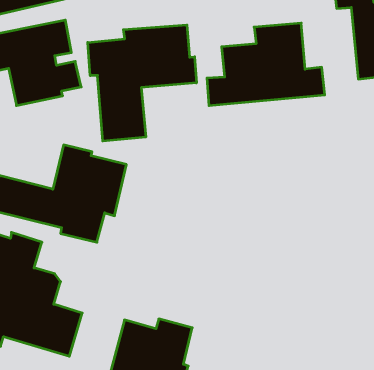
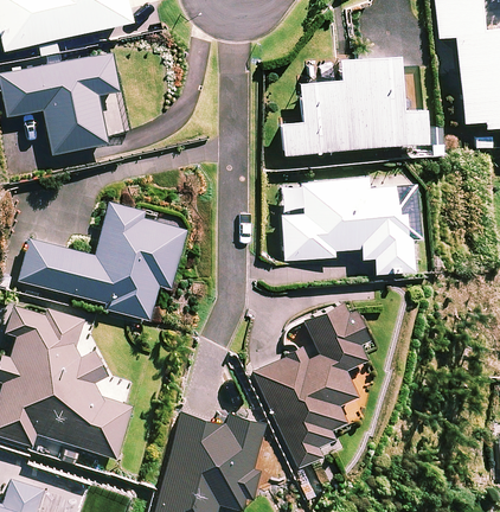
building: [88,25,196,141] -> none
building: none -> [281,179,418,274]
building: none -> [254,299,370,468]

